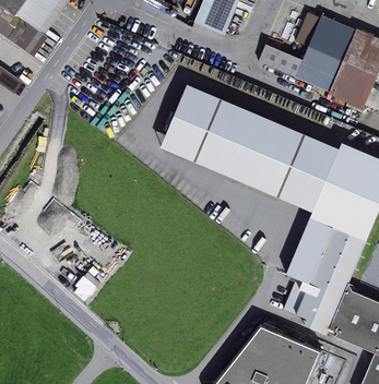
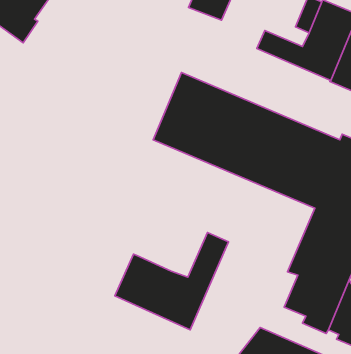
building: none -> [115,233,229,330]

